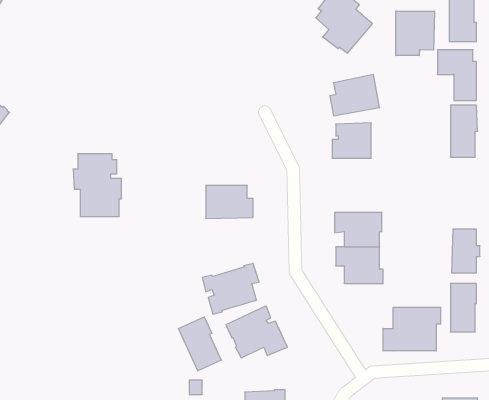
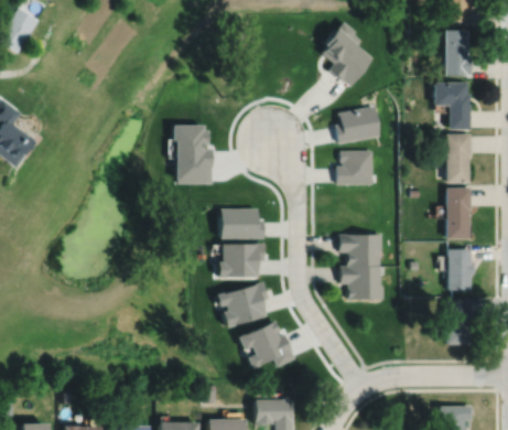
building: [396,11,435,56] -> none
building: [73,154,122,216] -> [167,125,213,183]
building: none -> [447,186,472,239]
building: none -> [217,243,264,278]
building: [383,307,441,351] -> none
building: [179,317,221,371] -> none

